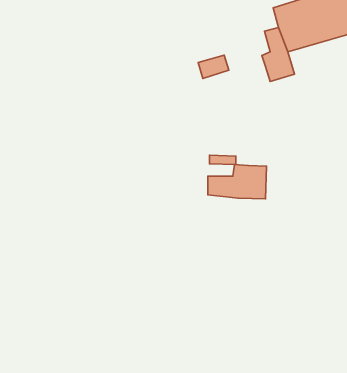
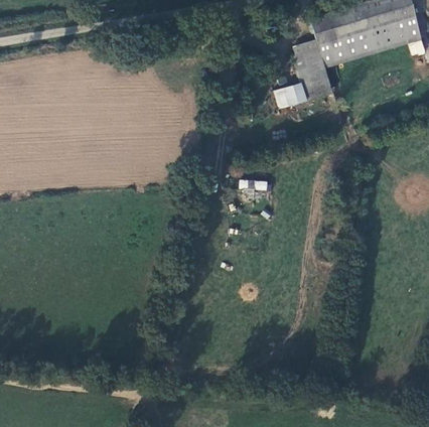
building: [198,55,229,78] -> [274,83,307,108]
building: [208,165,267,199] -> none

